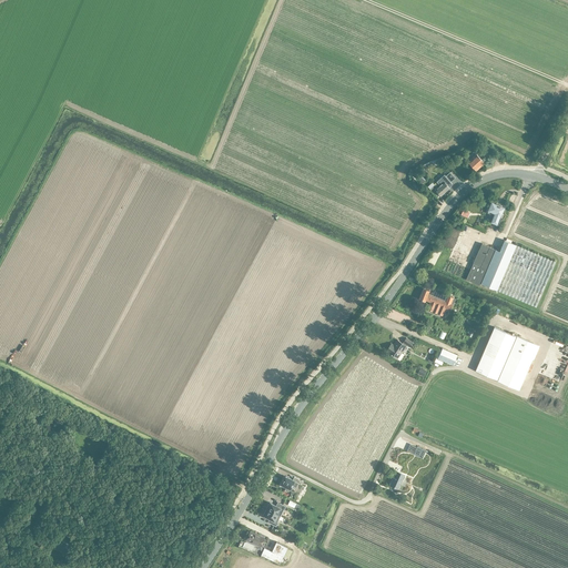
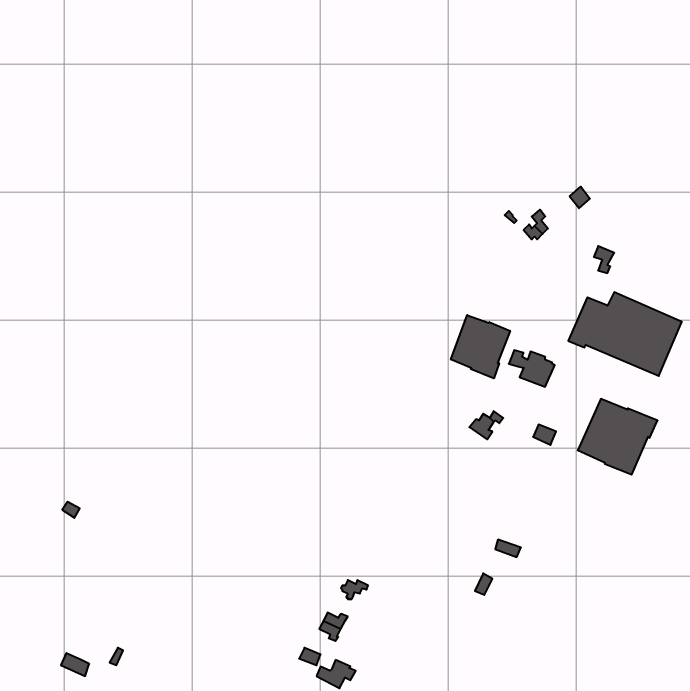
building: none -> [451,315,510,378]

